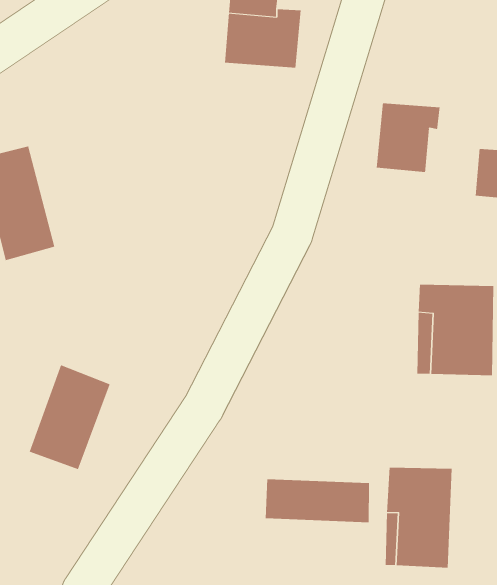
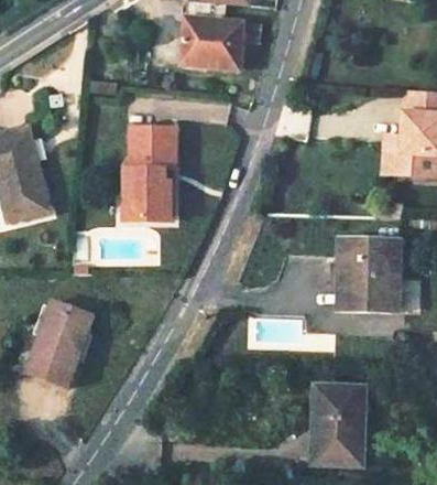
building: [376,102,440,173] -> none
building: none -> [131,129,176,219]
building: [265,478,370,523] -> none

